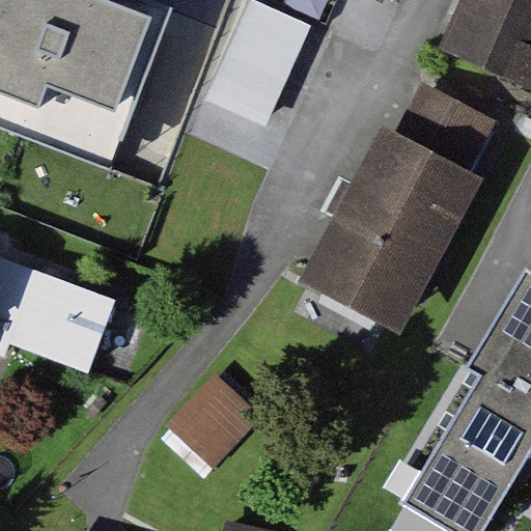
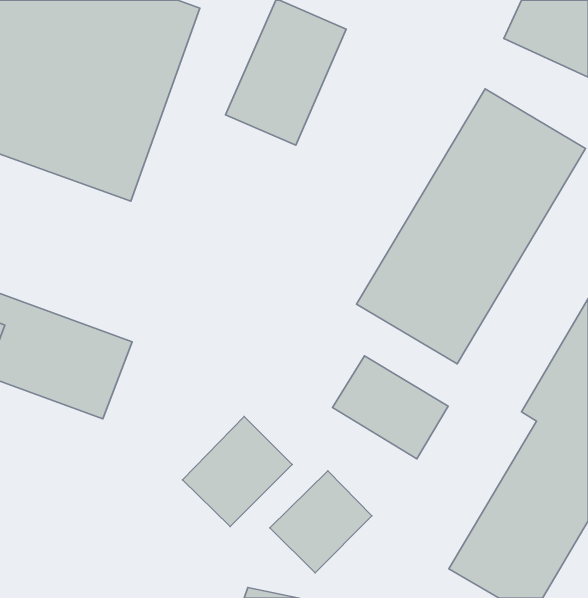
building: none -> [332,356,448,459]
building: none -> [270,471,372,573]

